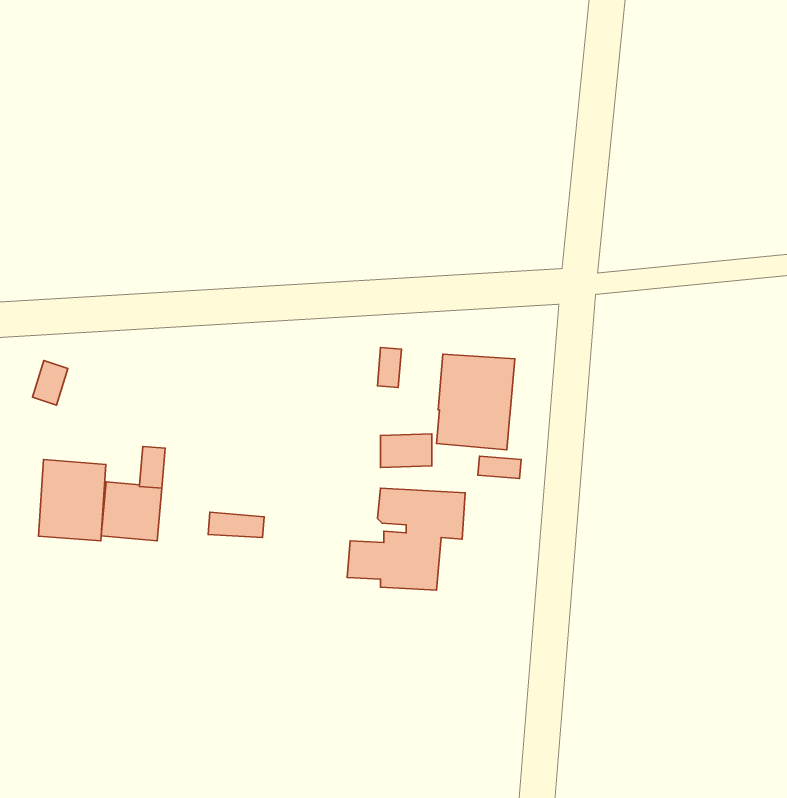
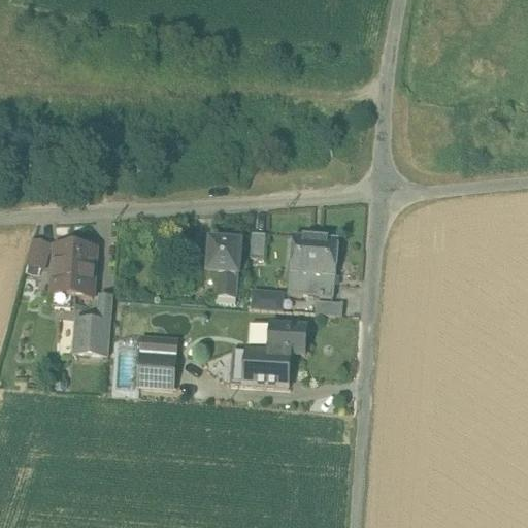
building: none -> [207,237,240,295]
building: [39,460,106,541] -> [52,242,95,295]
building: none -> [137,350,175,387]

